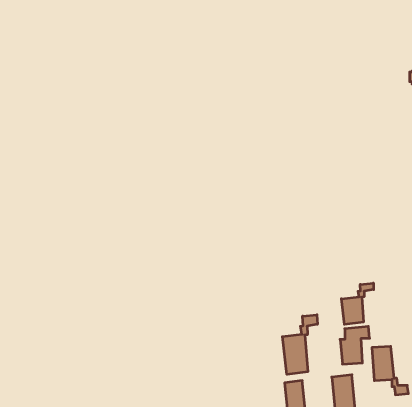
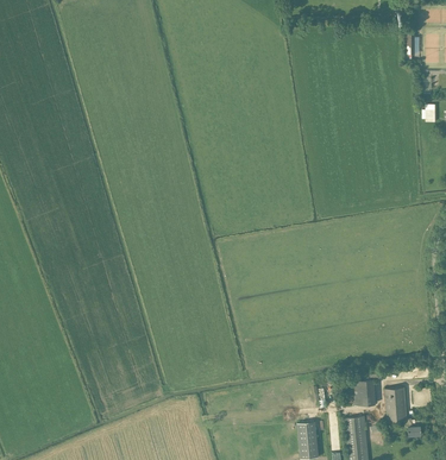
building: [341,283,374,324] -> none
building: [282,315,317,374] -> none

